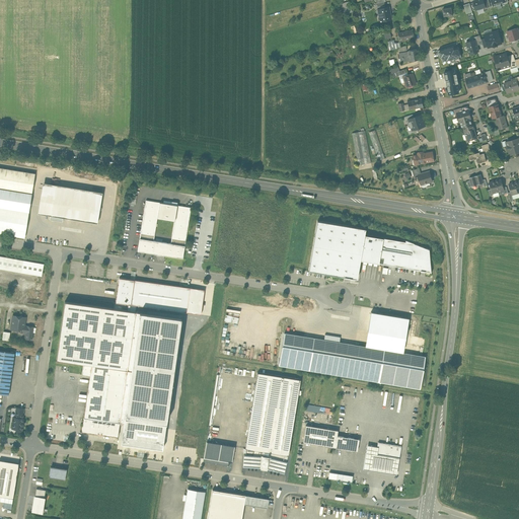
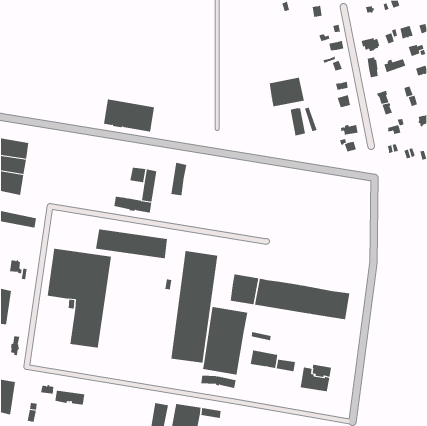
building: none -> [269,77,304,107]
building: [40,183,102,224] -> [103,99,155,132]
building: [140,201,160,241] -> [170,162,187,196]
building: [309,221,432,280] -> none
building: [122,312,179,449] -> [171,250,218,363]
building: [365,313,409,354] -> none
building: [82,419,120,437] -> [54,390,85,405]
building: [204,442,235,464] -> none

